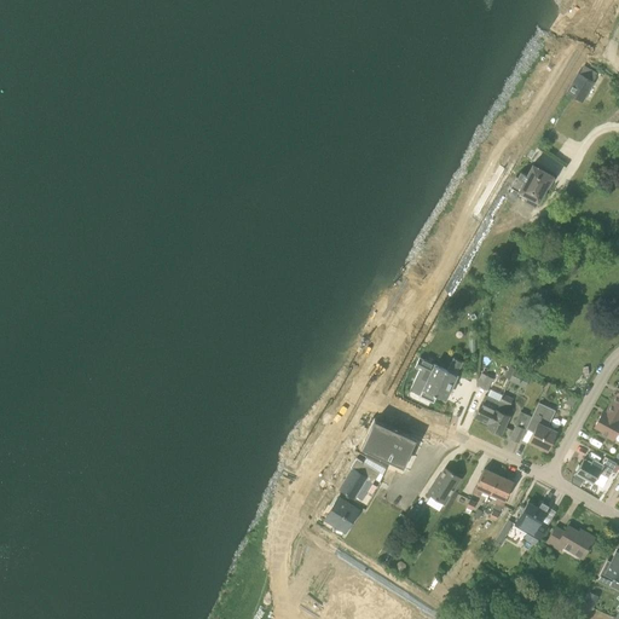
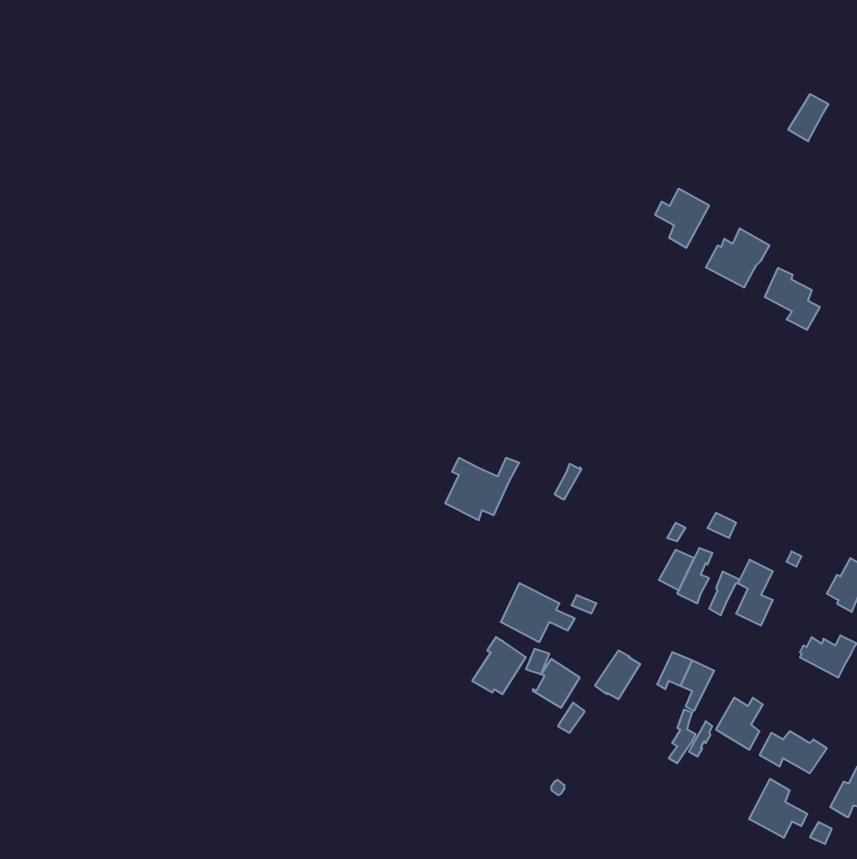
building: none -> [655,189,709,248]
building: none -> [765,268,820,330]
building: [411,358,464,403] -> [445,458,519,520]
building: [326,497,360,532] -> [533,659,580,708]
building: none -> [749,779,807,838]

